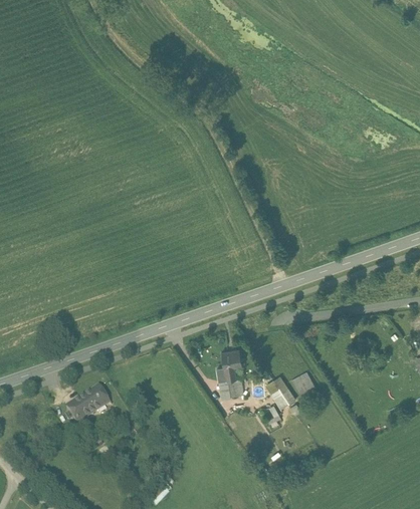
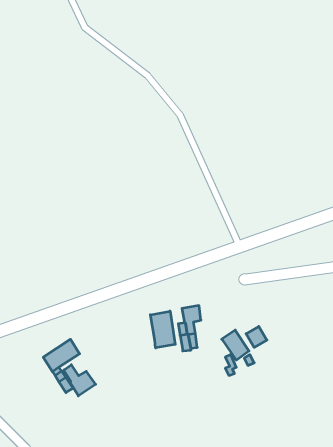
building: none -> [150,311,175,348]
building: none -> [63,365,96,396]

